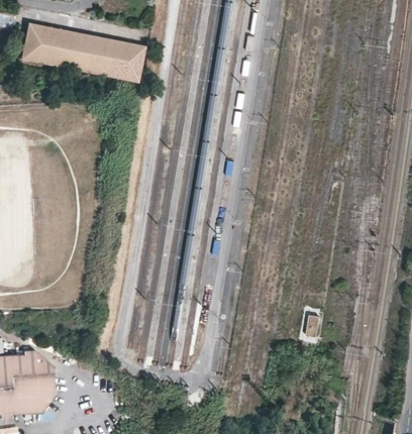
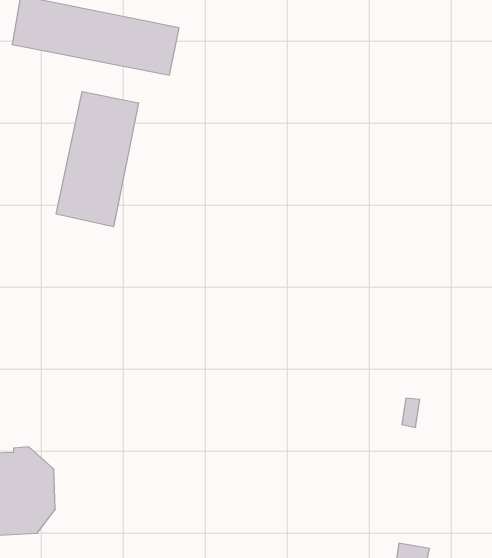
building: none -> [56,92,138,227]

